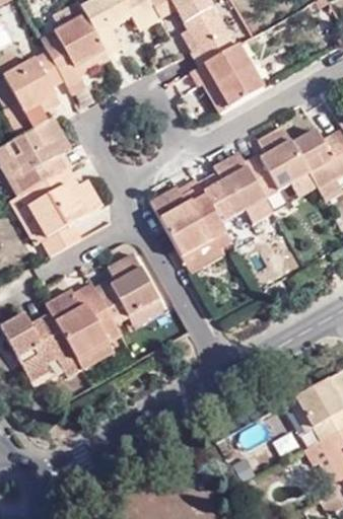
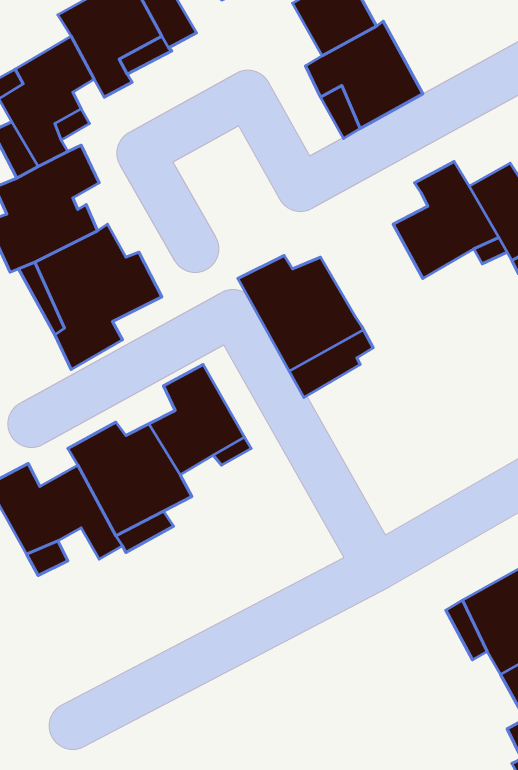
building: [202,151,265,222] -> none

